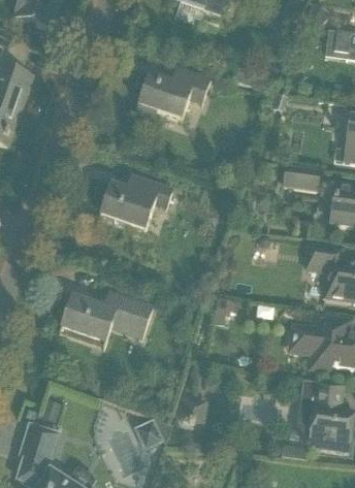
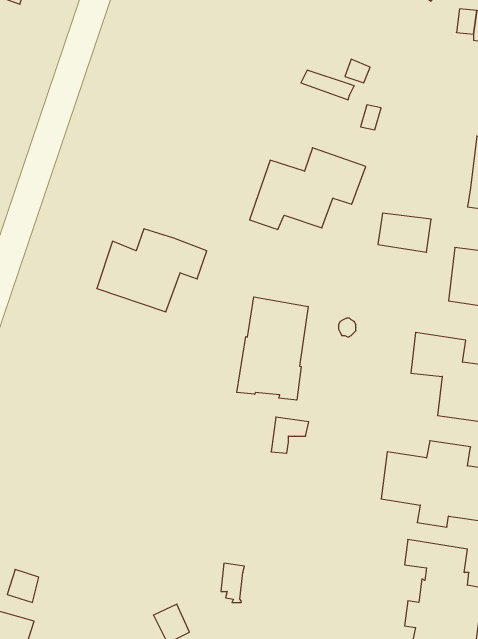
building: [134,64,211,118] -> [250,148,366,229]
building: none -> [237,297,308,400]
building: [60,291,152,343] -> none

